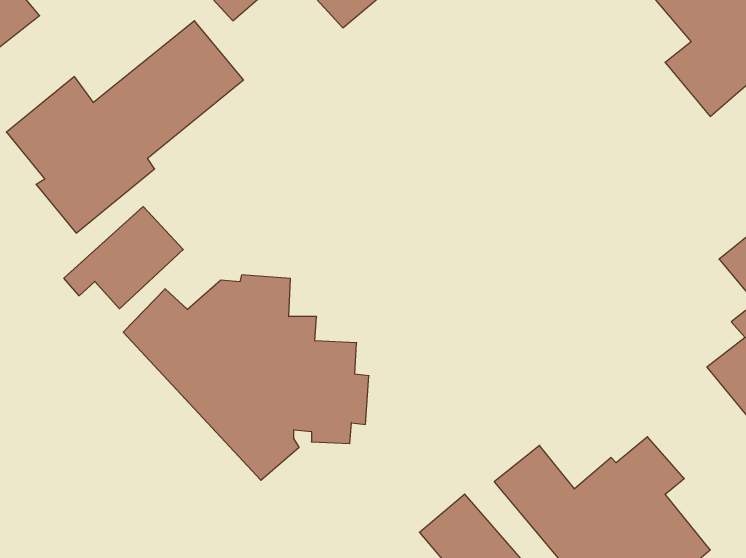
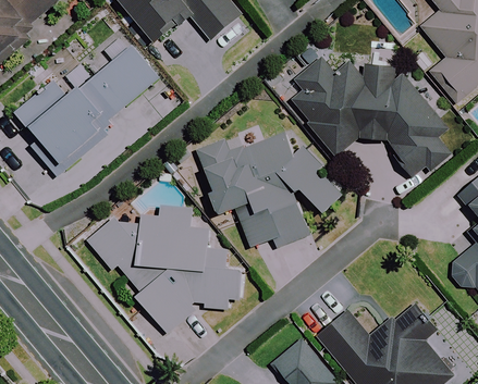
building: none -> [283,54,453,175]
building: none -> [195,126,342,245]
building: [64,207,183,309] -> none

